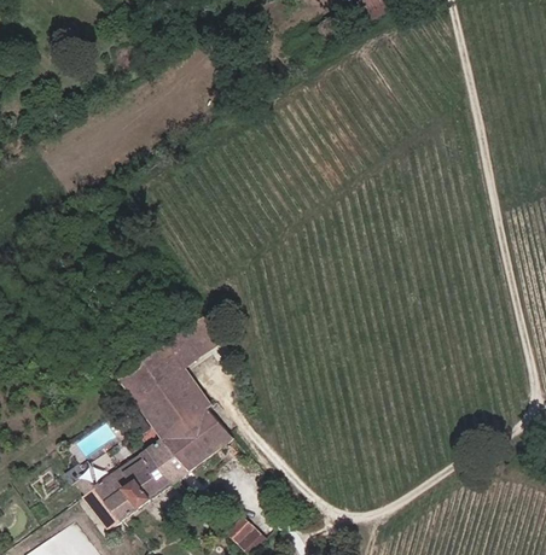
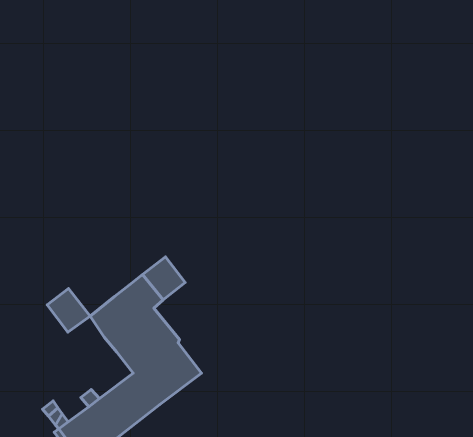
building: none -> [47,289,90,332]

